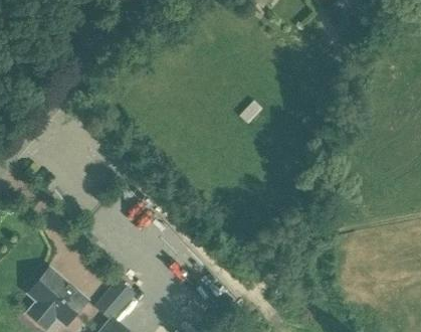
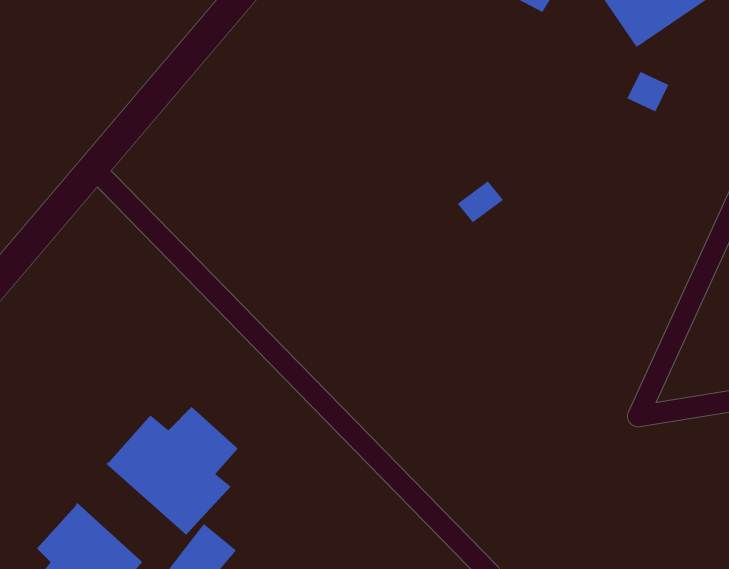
building: none -> [105,406,239,536]

